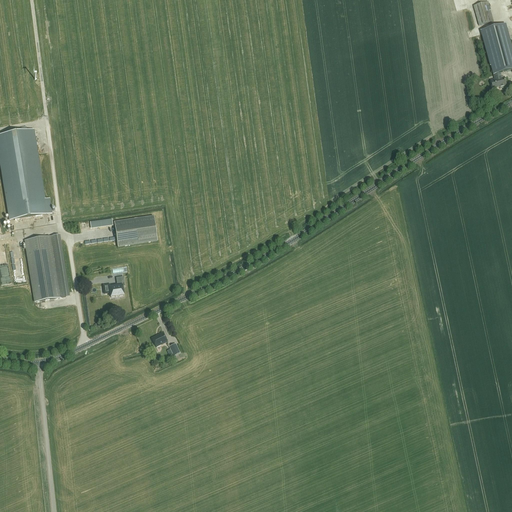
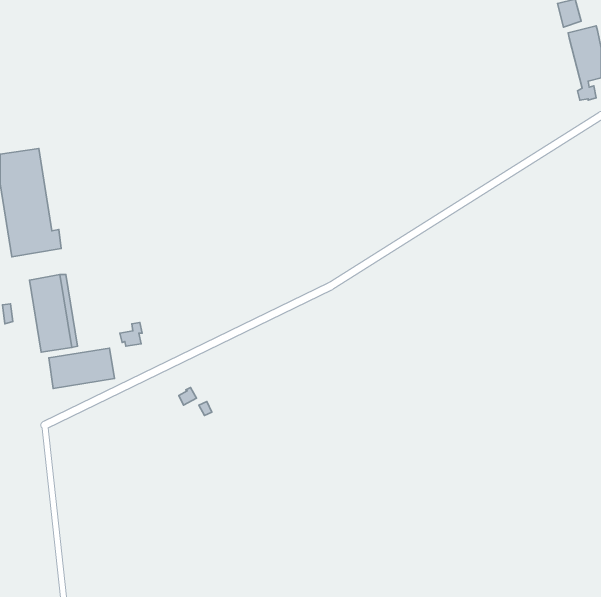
building: [114,214,157,245] -> none
building: none -> [49,348,115,389]

